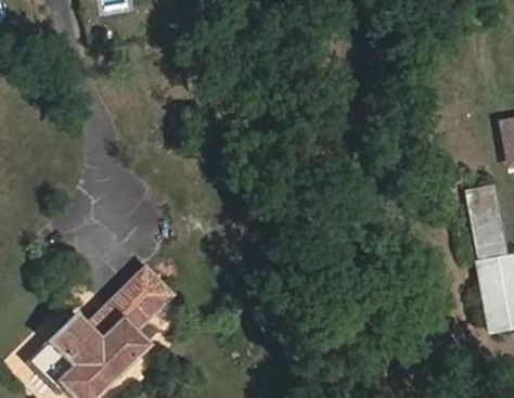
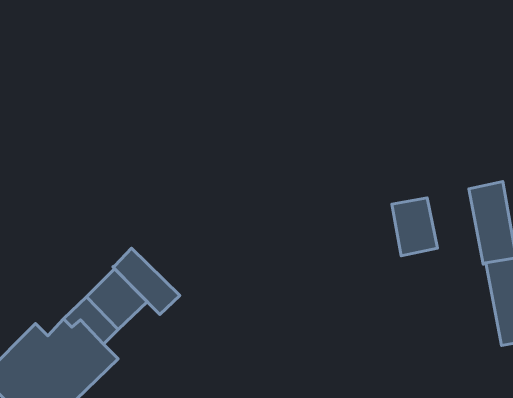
building: none -> [392,198,437,256]
building: none -> [113,248,180,314]

